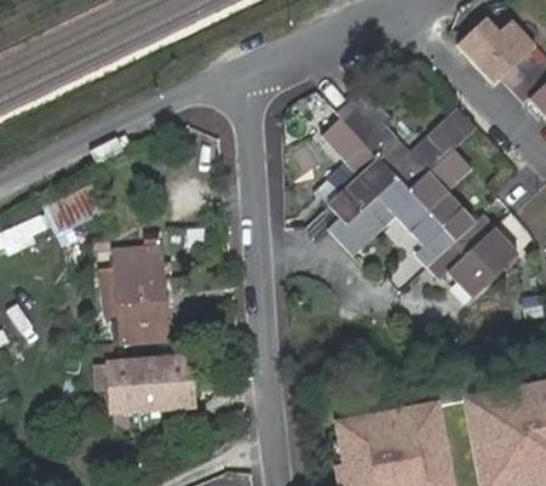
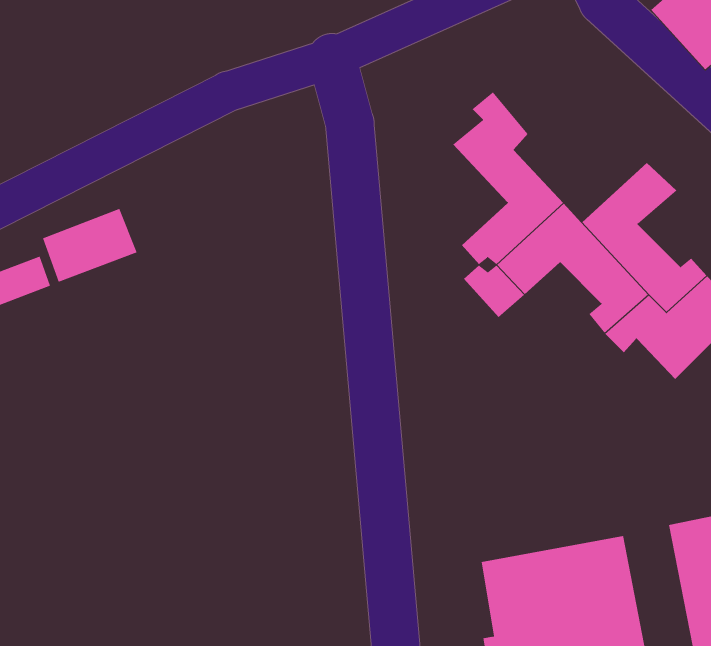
building: [347,87,475,189] -> none
building: [100,246,168,343] -> none
building: [109,359,194,412] -> none

